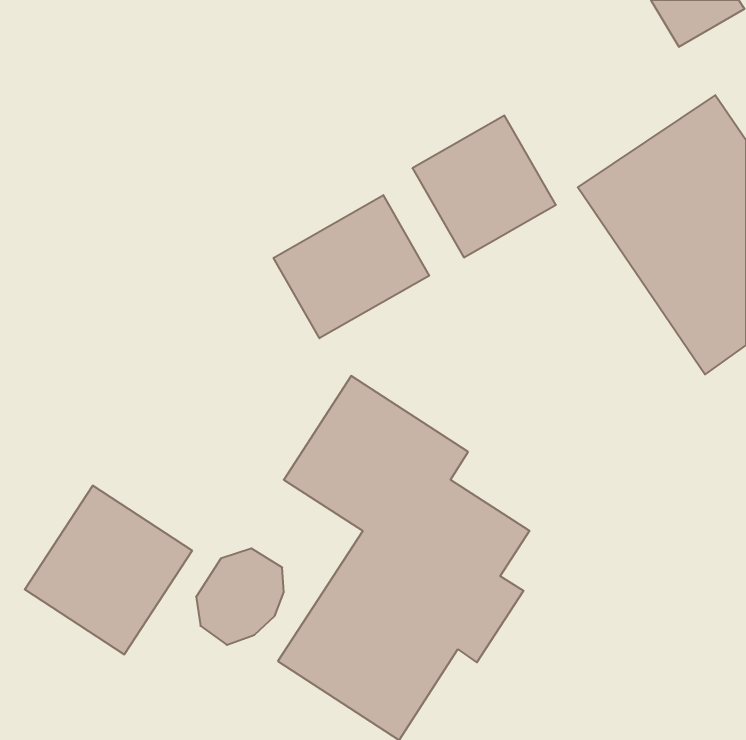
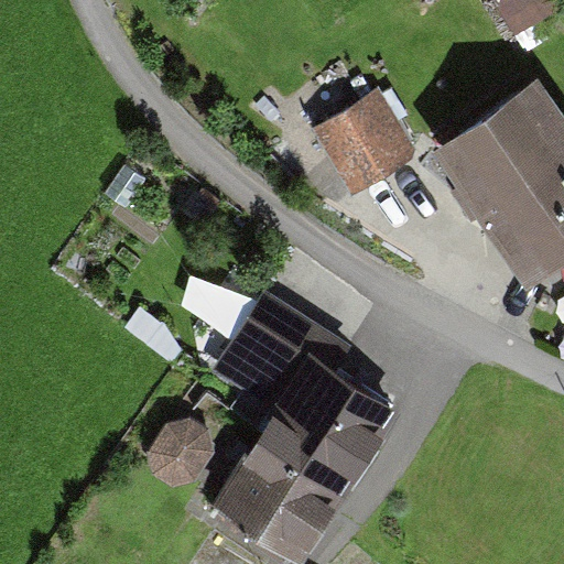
building: [274,195,429,338] -> none
building: [25,485,192,655] -> none

